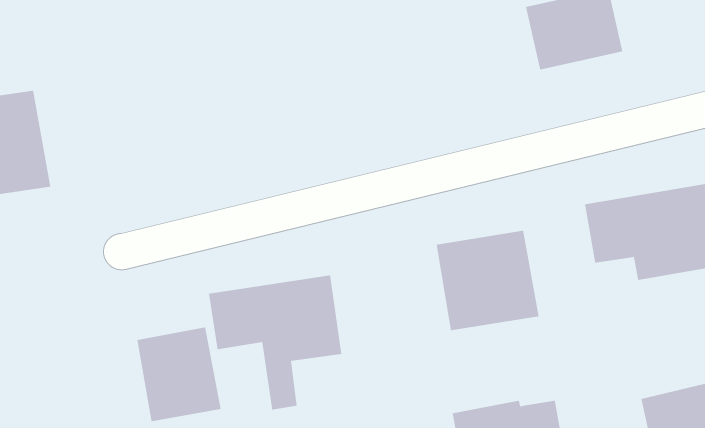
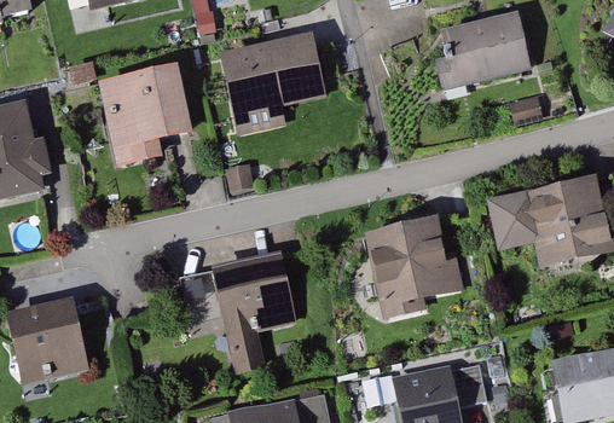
building: none -> [222,39,328,129]
building: none -> [104,66,191,157]
building: [137,327,222,422] -> [22,300,93,379]

